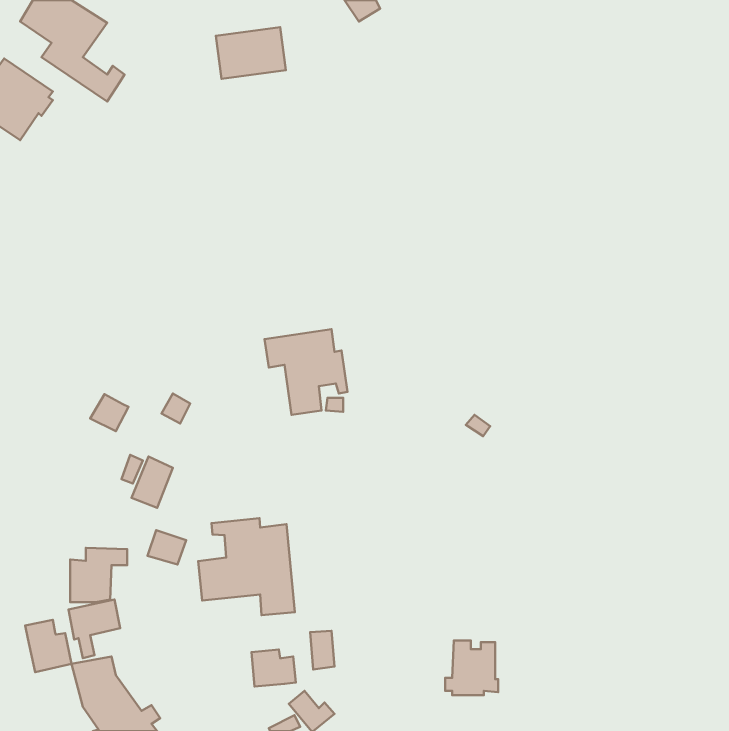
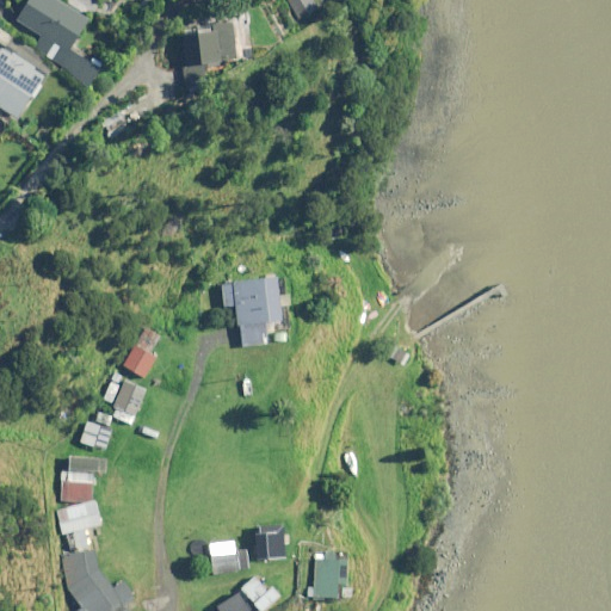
building: [90,394,129,431] -> [123,345,155,376]
building: [198,518,295,615] -> none
building: [148,530,186,564] -> [80,420,112,449]
building: [25,620,71,672] -> none
building: [445,641,498,695] -> [307,554,351,599]

